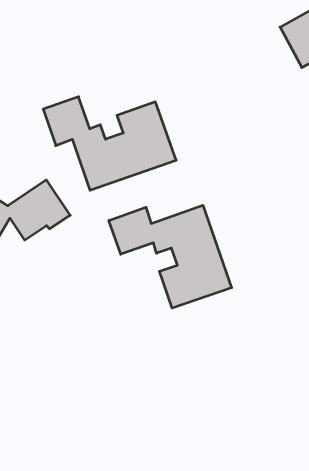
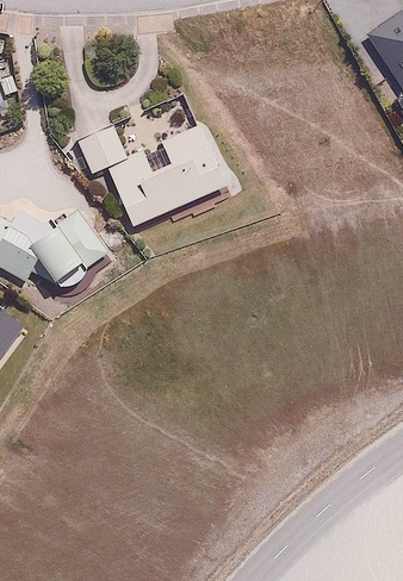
building: [109,205,232,308] -> none

